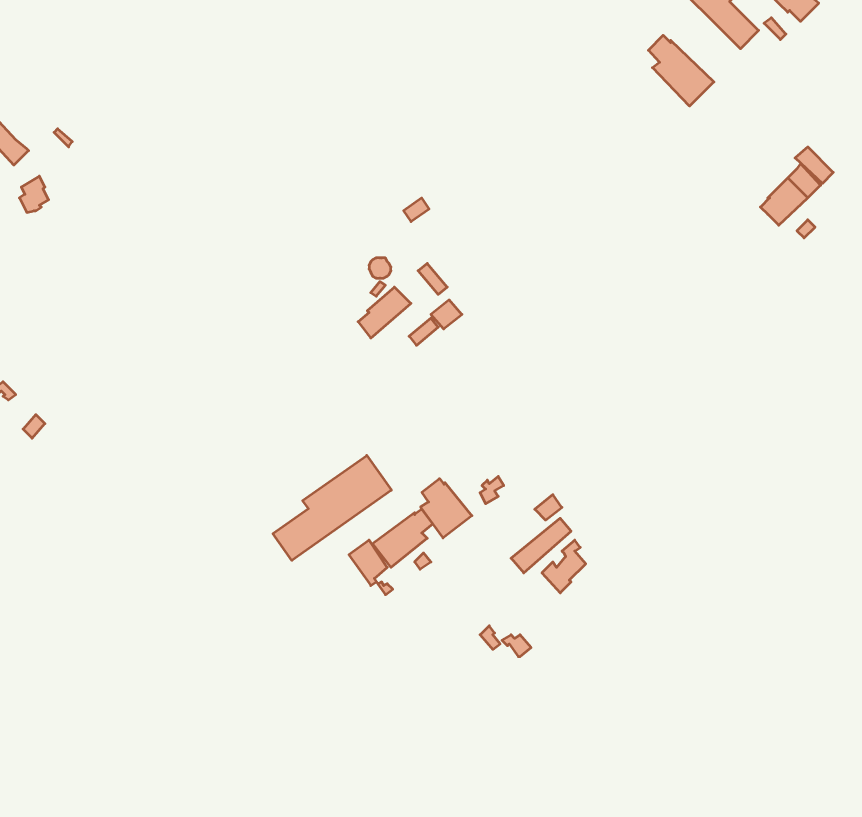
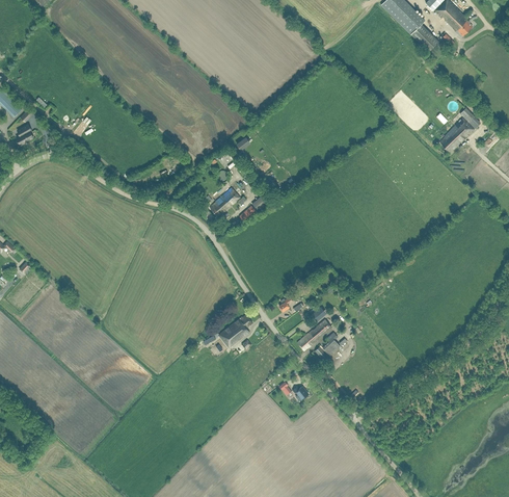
building: [648,35,714,106] -> none
building: [273,455,391,560] -> none
building: [421,479,472,538] -> none

